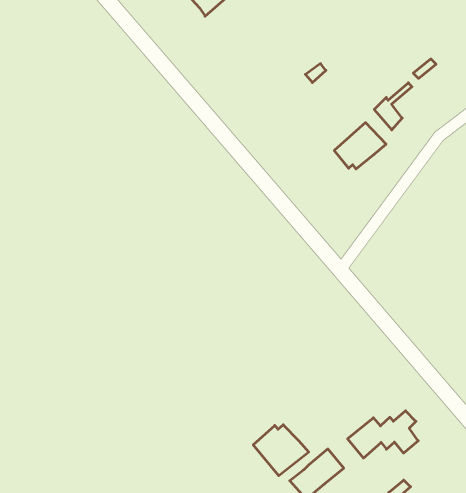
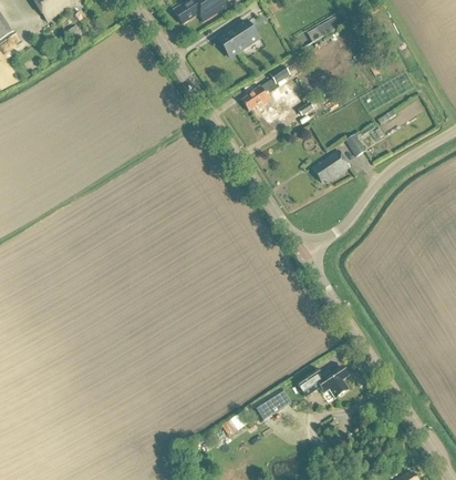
building: none -> [242,64,290,111]
building: [253,425,309,476] -> none

